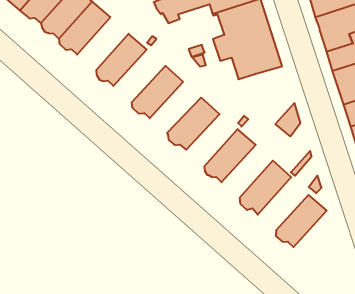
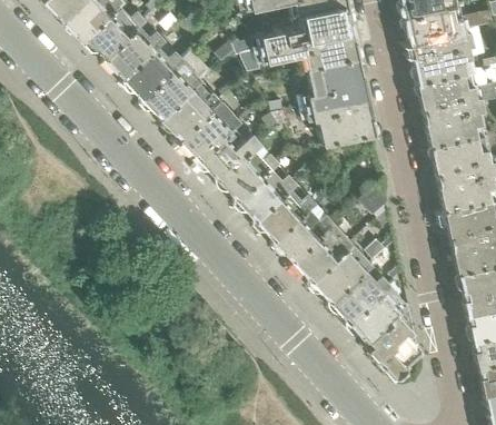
building: none -> [142,58,204,117]
building: none -> [180,92,270,158]
building: none -> [218,140,279,197]
building: none -> [255,181,317,239]
building: none -> [292,220,354,279]
building: none -> [330,261,391,320]
building: none -> [364,302,421,378]

